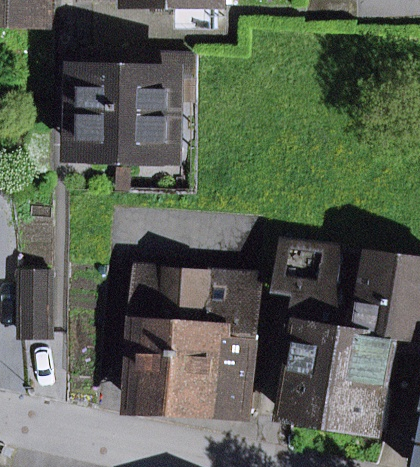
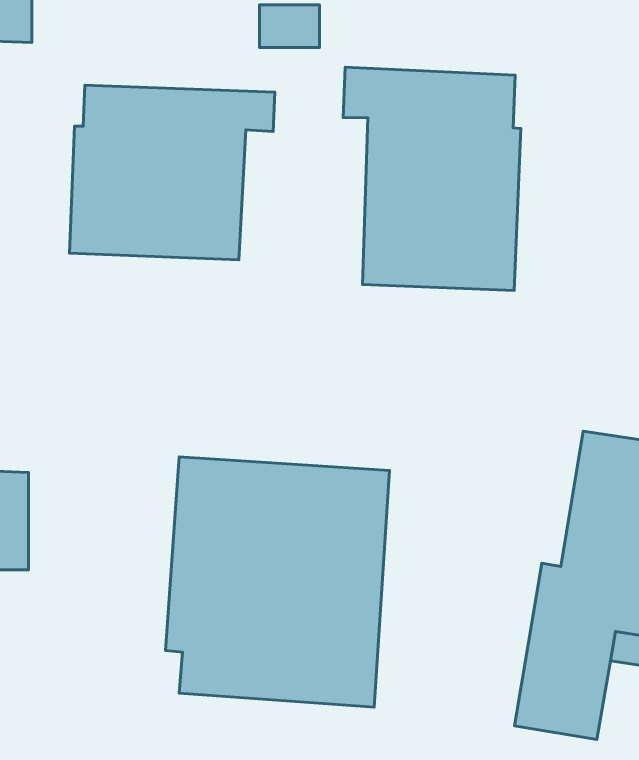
building: none -> [343,67,521,291]
building: [273,245,347,428] -> none

